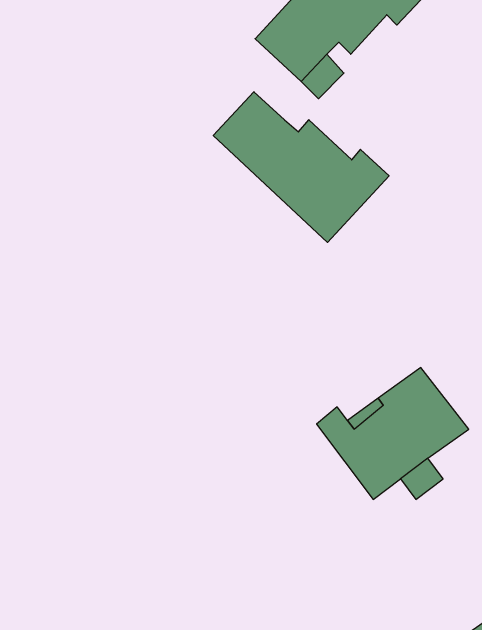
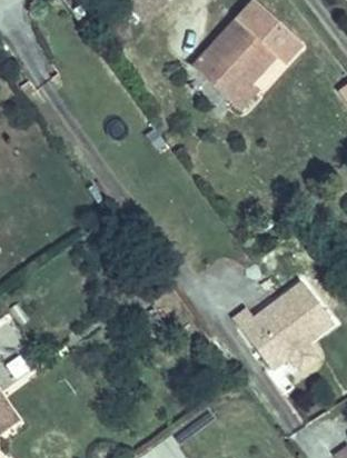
building: [213,92,389,242] -> none

